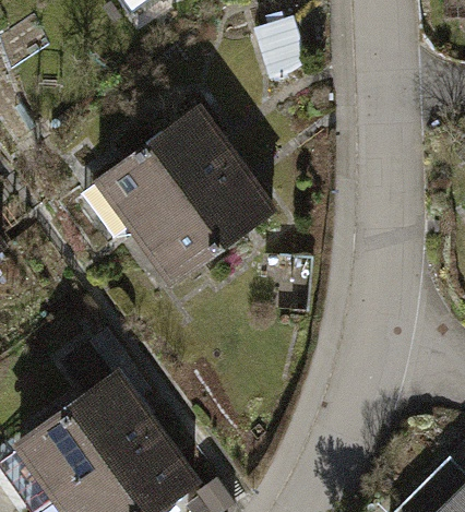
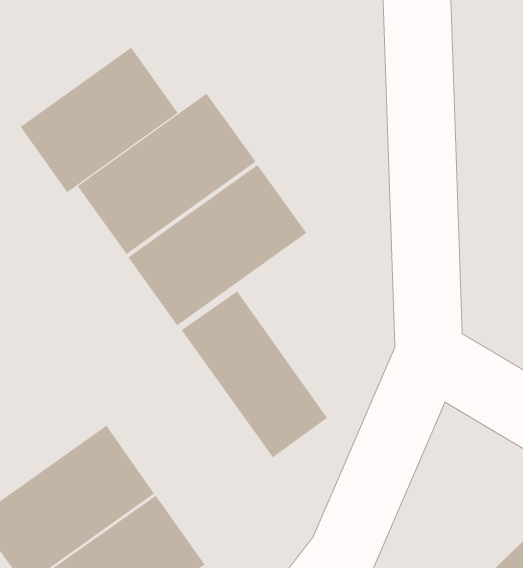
building: none -> [20,47,179,193]
building: none -> [181,290,328,458]

